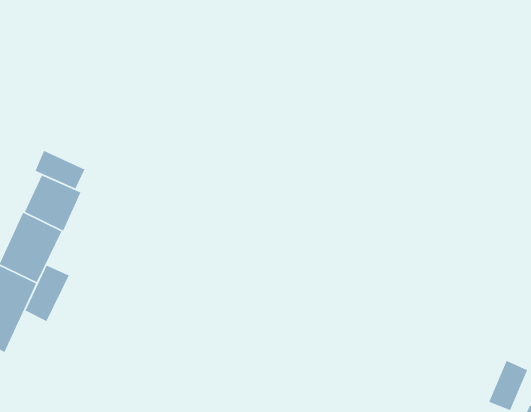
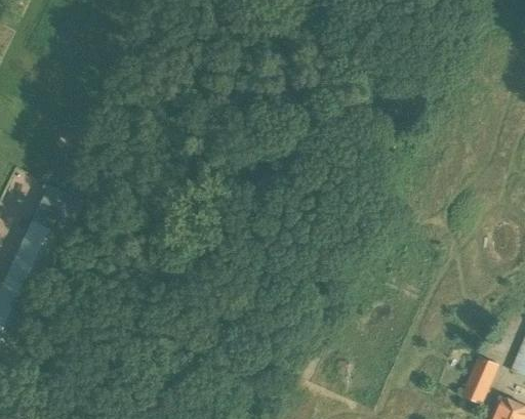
building: [34,150,86,190] -> none
building: [24,265,70,322] -> none

